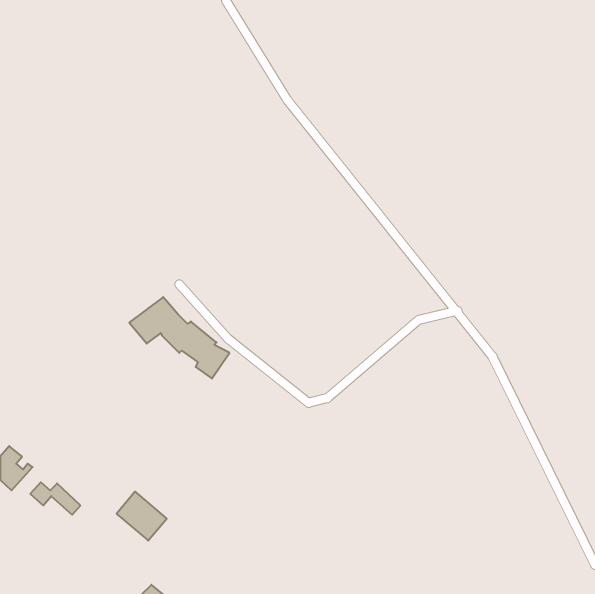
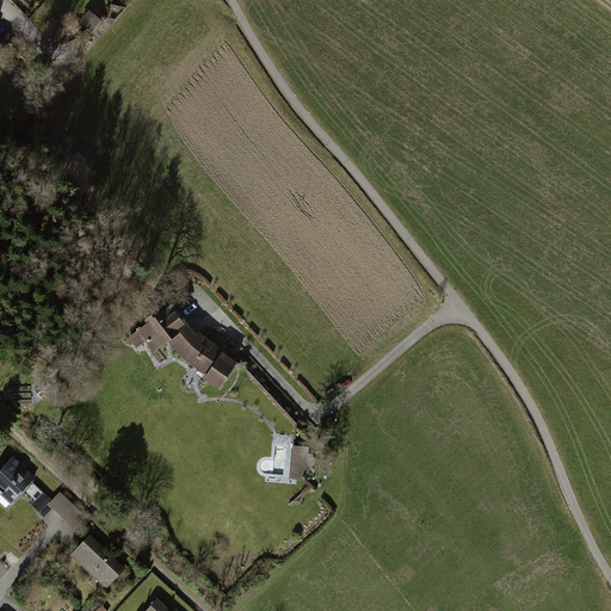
building: none -> [289,448,310,476]
building: [117,492,167,541] -> [69,537,121,587]

